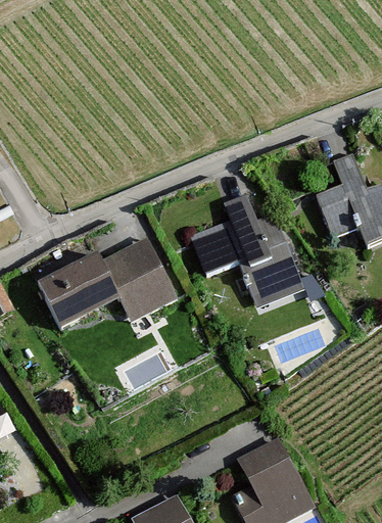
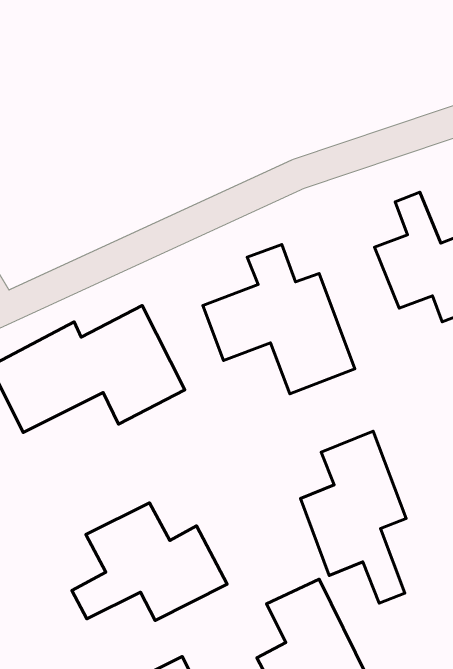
building: none -> [301,431,406,603]
building: none -> [72,503,227,621]

